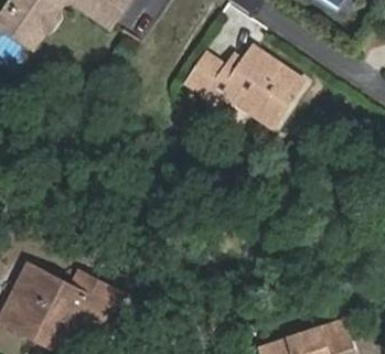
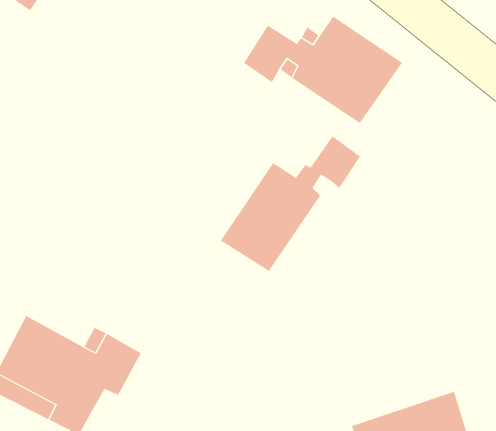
building: none -> [220,136,361,272]

